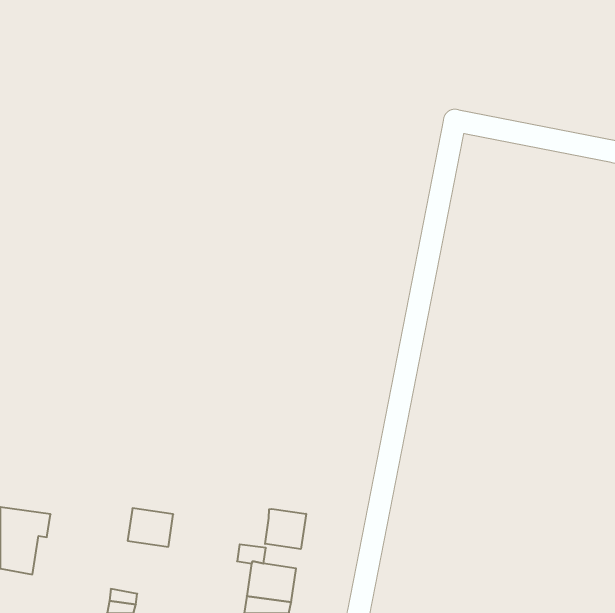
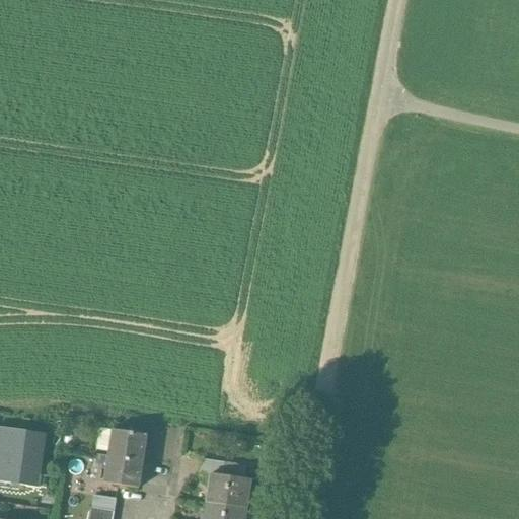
building: [265,509,306,549] -> none
building: none -> [103,455,142,487]

